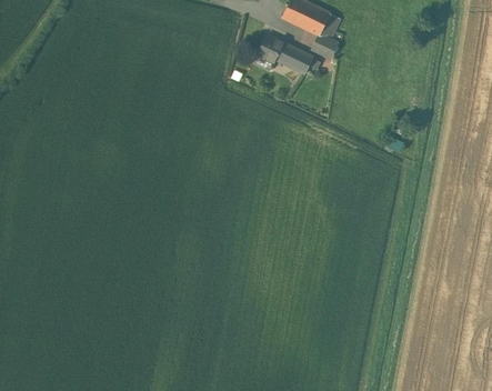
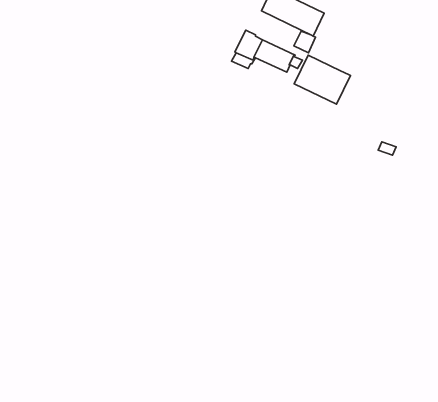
building: none -> [294,55,350,104]

